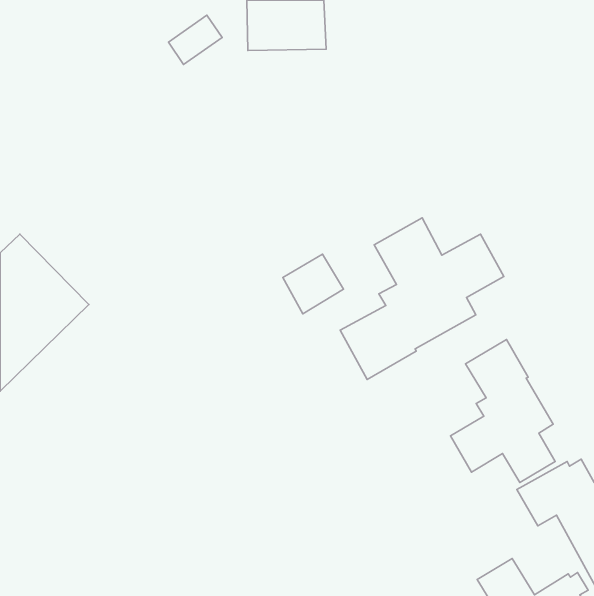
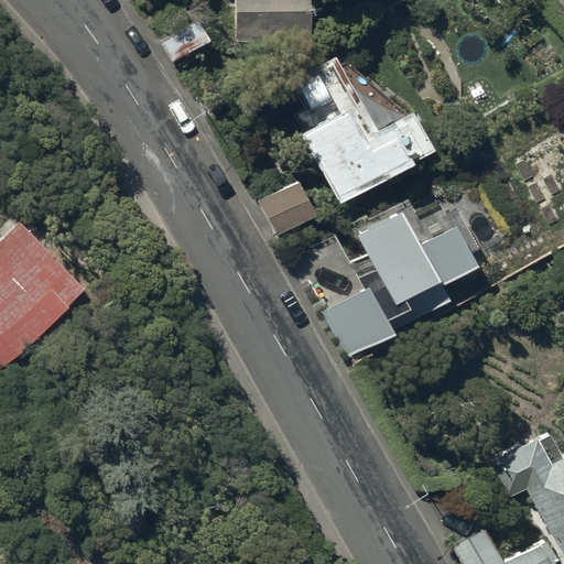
building: none -> [290,55,434,203]
building: [283,254,344,314] -> [260,180,317,236]
building: [450,339,555,482] -> none

